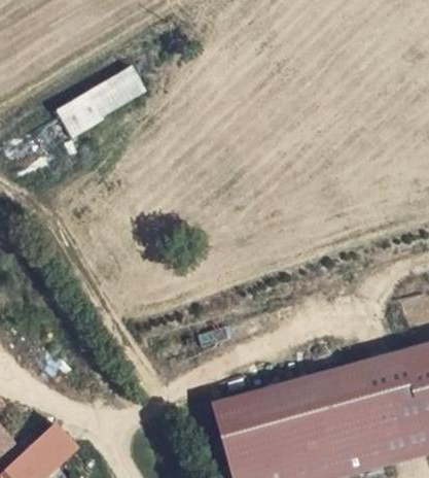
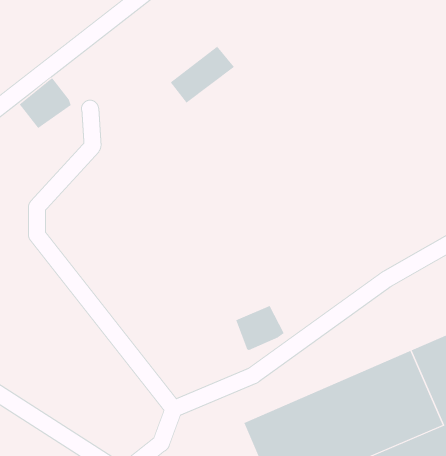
building: [87,66,144,111] -> [170,46,235,103]
building: none -> [235,305,284,351]

